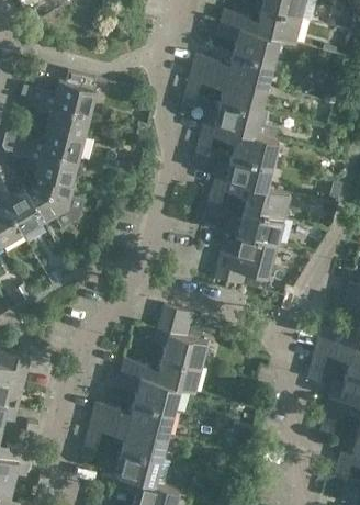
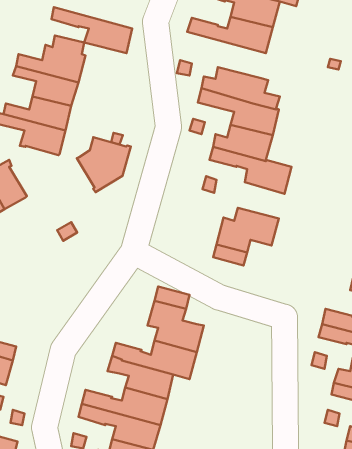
building: [190,69,266,112] -> [51,7,132,53]
building: [25,176,76,227] -> [77,137,131,192]
building: [228,210,283,244] -> none

